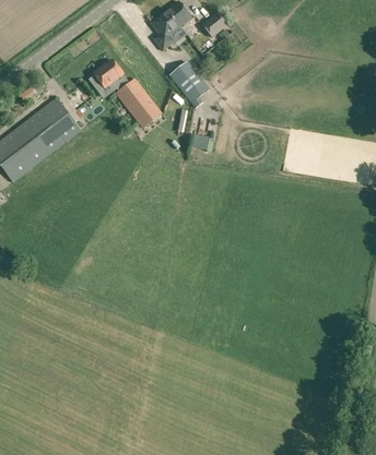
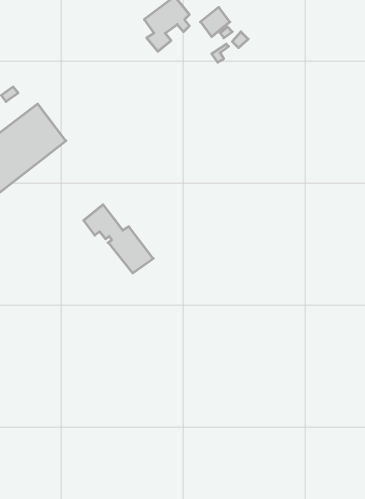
building: [94,59,156,120] -> [84,205,153,273]
building: [168,60,210,108] -> none

